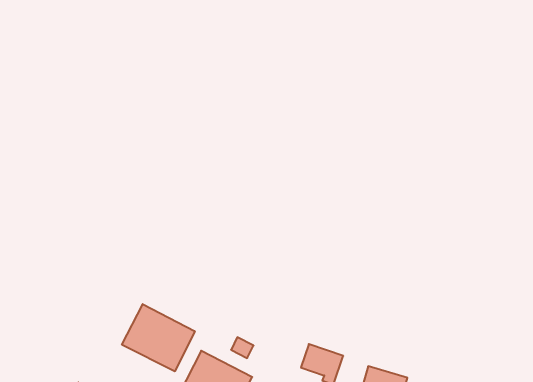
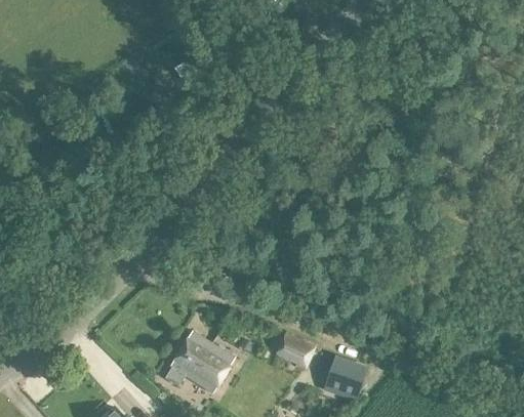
building: [122,304,195,371] -> none

